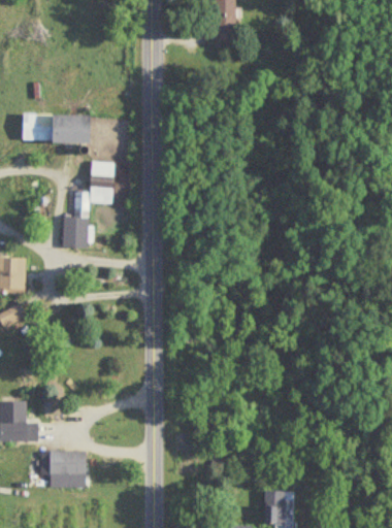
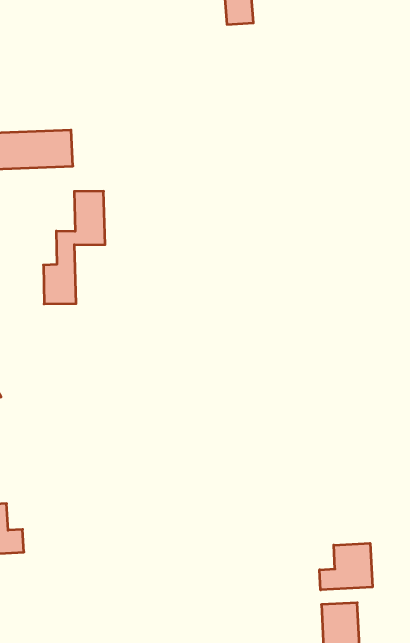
building: none -> [320,543,372,590]
building: [41,451,86,475] -> none

